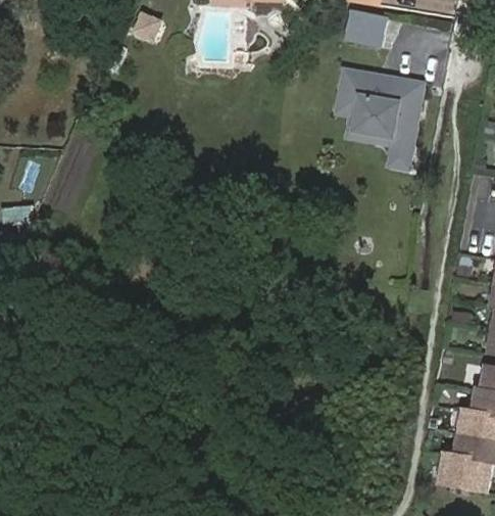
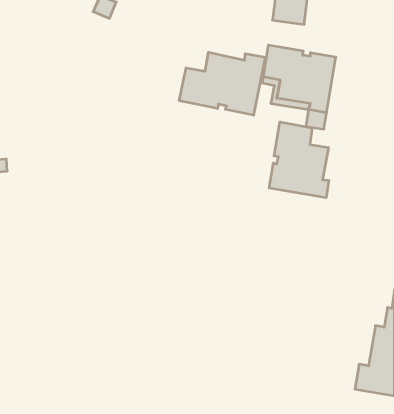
building: none -> [179,52,265,115]
building: none -> [269,122,329,198]

